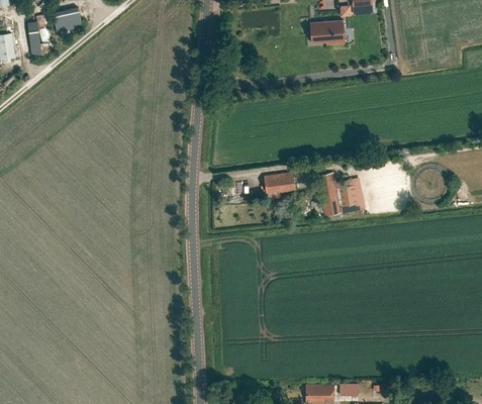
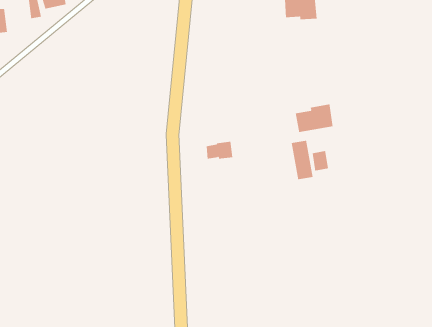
building: none -> [295,103,333,133]
building: [266,173,295,192] -> [206,141,233,159]

